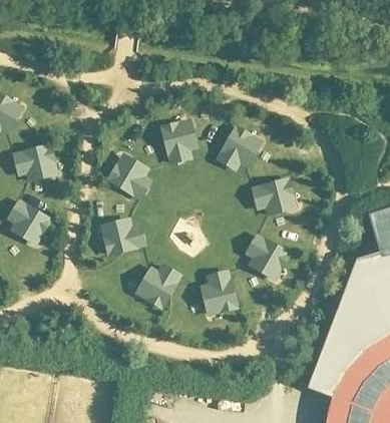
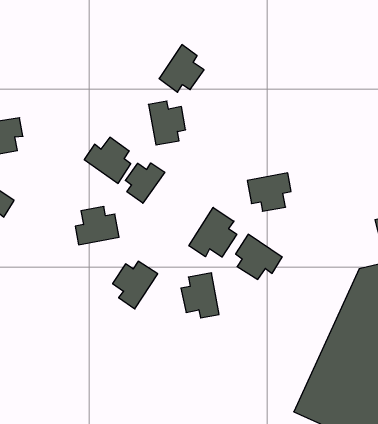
building: [218,127,257,169] -> [159,45,204,92]
building: none -> [125,163,165,203]
building: none -> [189,207,237,257]

